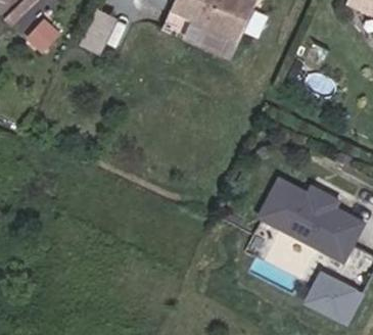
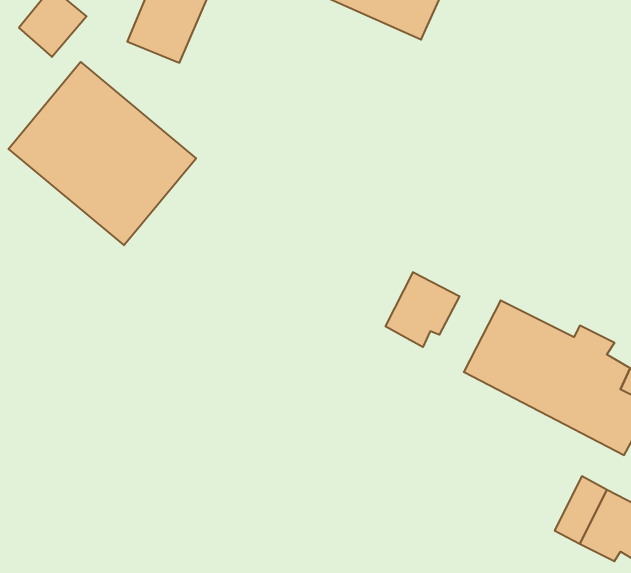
building: none -> [8,62,196,245]
building: none -> [386,272,459,347]

